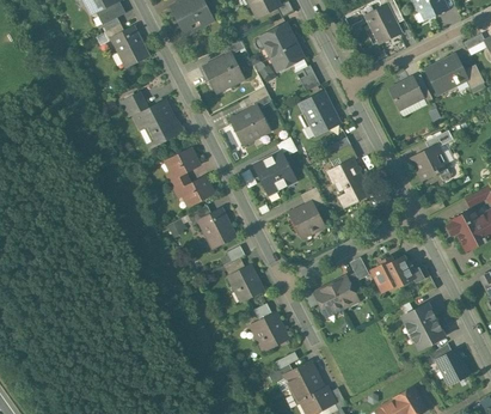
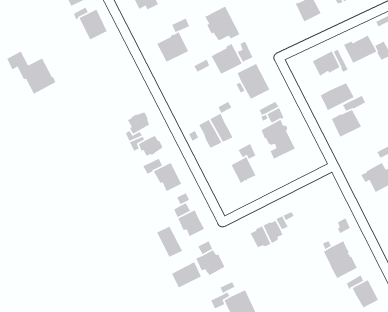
building: [121,93,180,146] -> [6,51,56,95]
building: [231,106,269,145] -> [211,43,243,75]
building: none -> [319,82,355,111]
building: [370,257,413,293] -> none
building: none -> [156,225,183,258]
building: none -> [171,261,202,288]

